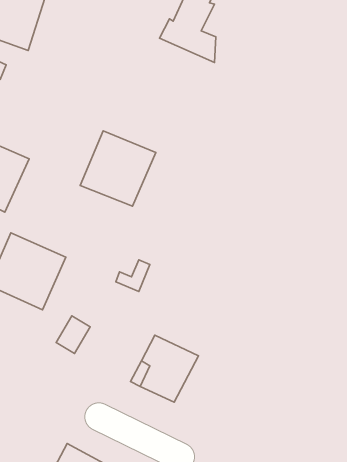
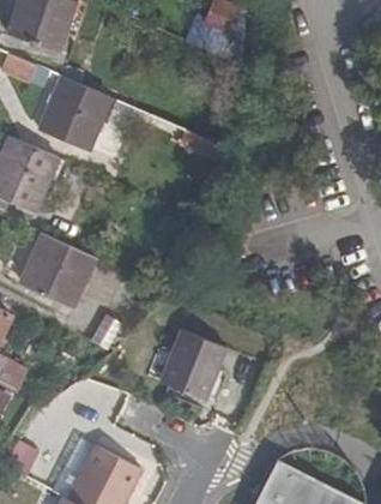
building: [80,131,156,206] -> [38,77,113,151]

